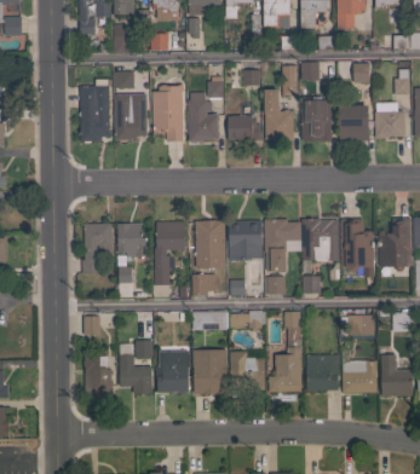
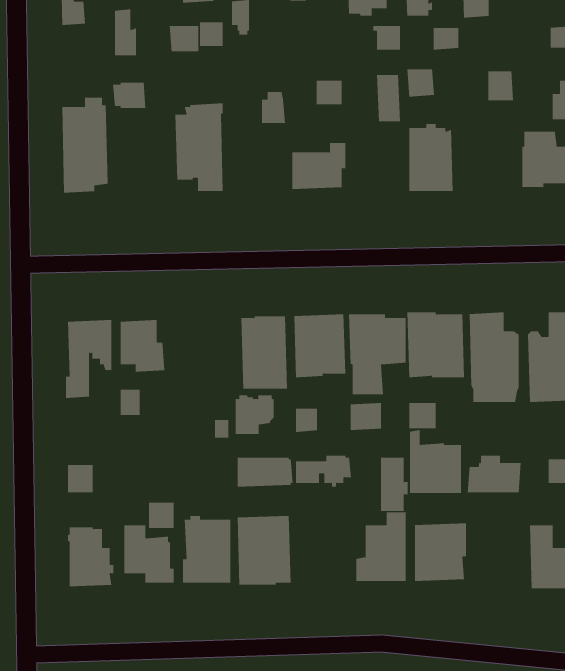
building: [265,88,294,139] -> none
building: [189,92,220,140] -> none
building: [114,93,148,140] -> none
building: [339,105,369,140] -> none
building: [155,221,185,284] -> none
building: [230,351,265,389] -> none
building: [343,351,376,392] -> [409,430,462,494]

